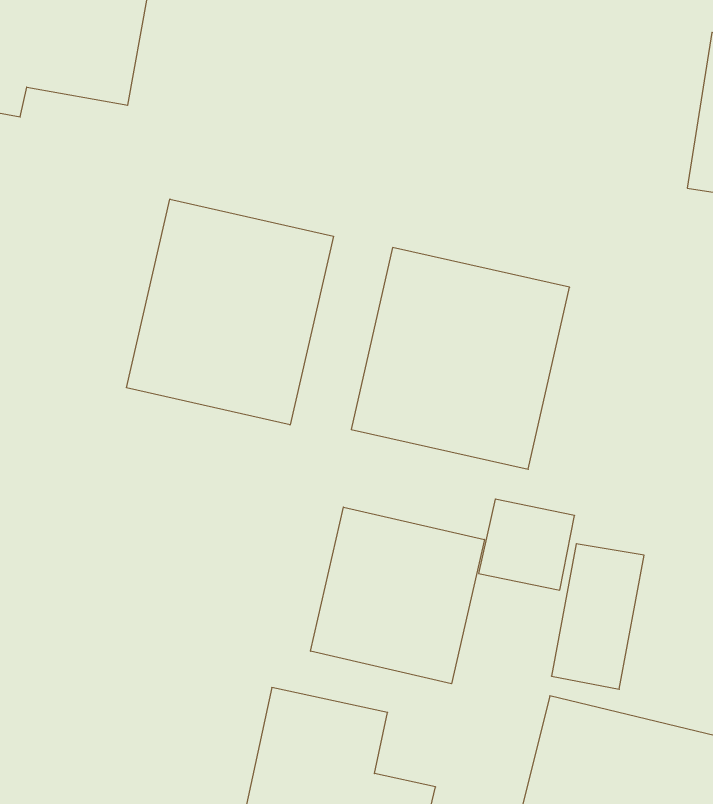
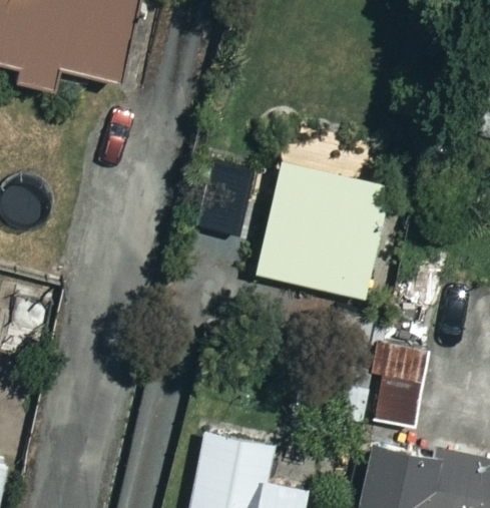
building: [127,199,333,425] -> none
building: [311,507,484,684] -> none

